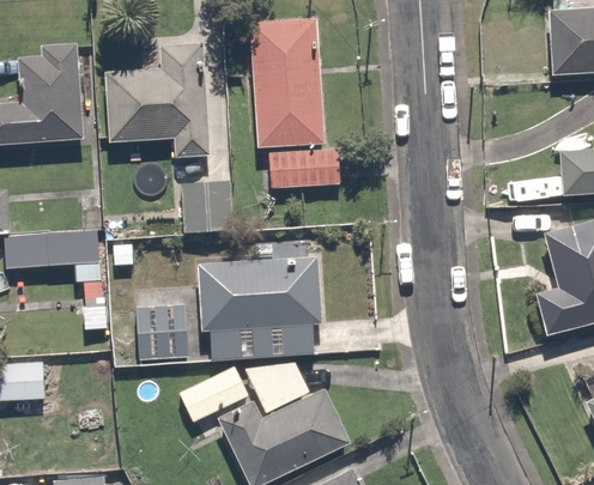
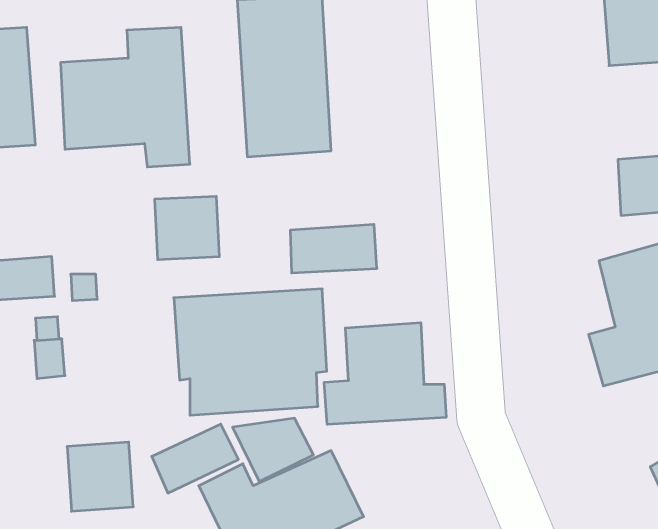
building: [269,148,340,188] -> [290,224,377,273]
building: none -> [324,323,446,424]
building: [135,304,189,360] -> [67,442,133,511]

